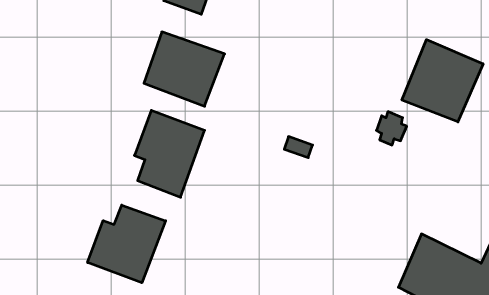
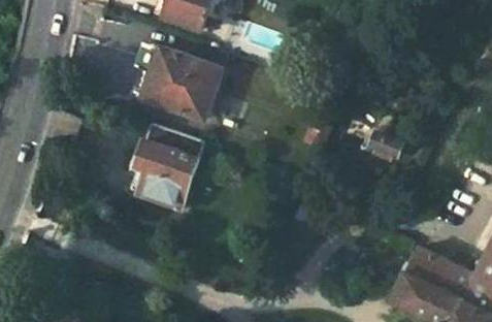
building: [402,40,483,122] -> none
building: [88,205,166,283] -> none

